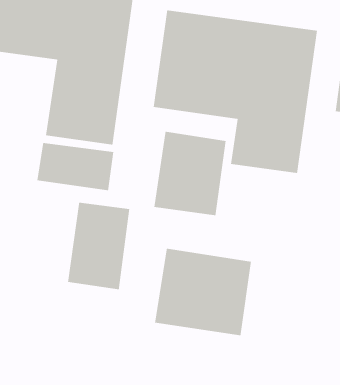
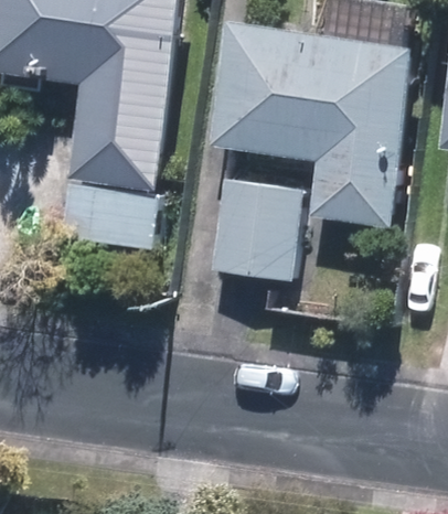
building: [67,202,130,290] -> none
building: [155,248,252,336] -> none

